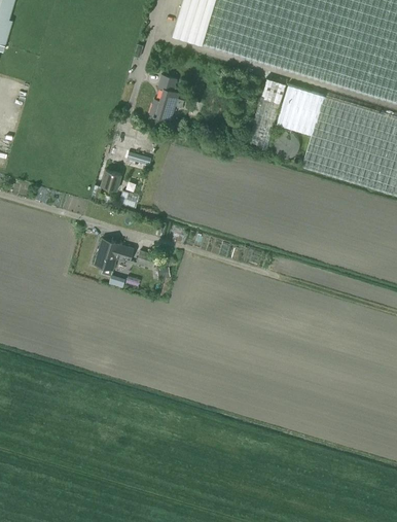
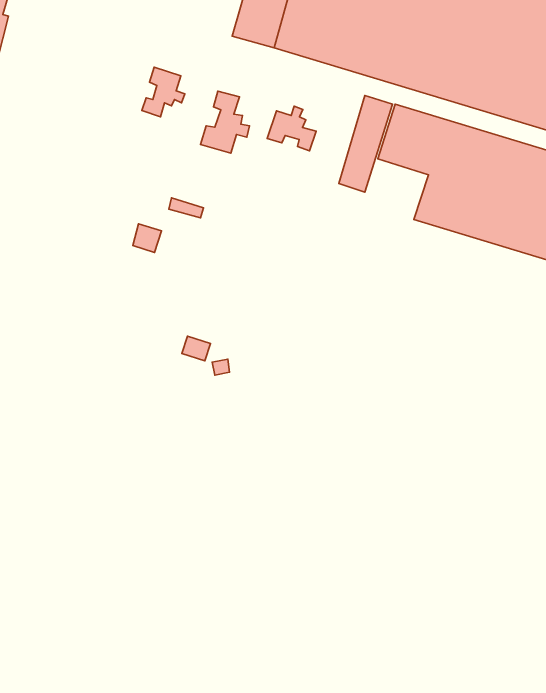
building: none -> [142,67,185,117]
building: none -> [267,106,316,151]
building: [94,238,134,275] -> none

